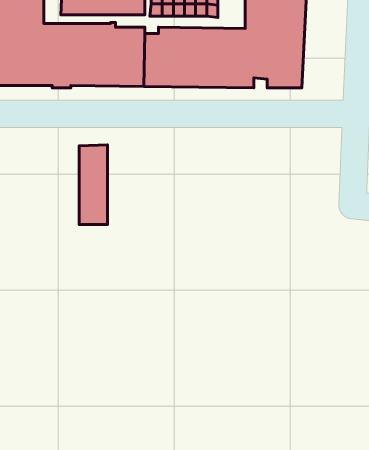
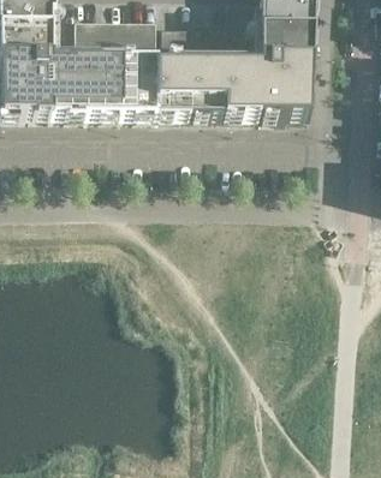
building: [79,145,107,224] -> none

